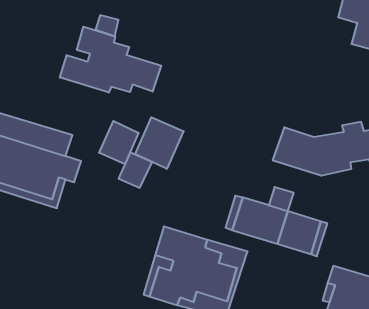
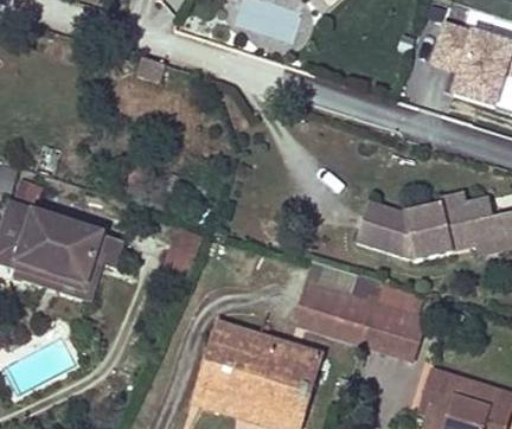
building: [60,27,161,93] -> none
building: [135,117,184,169] -> none
building: [99,121,139,164] -> none

